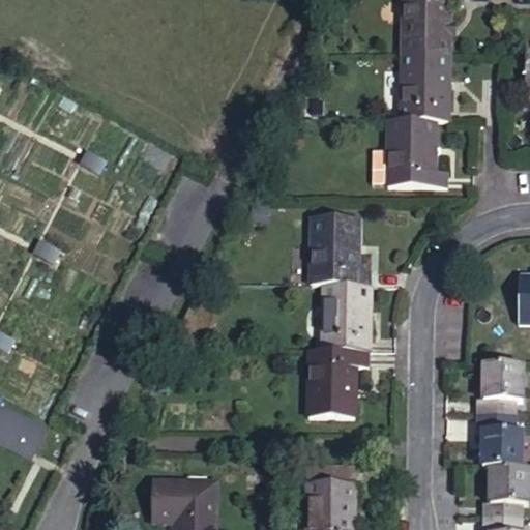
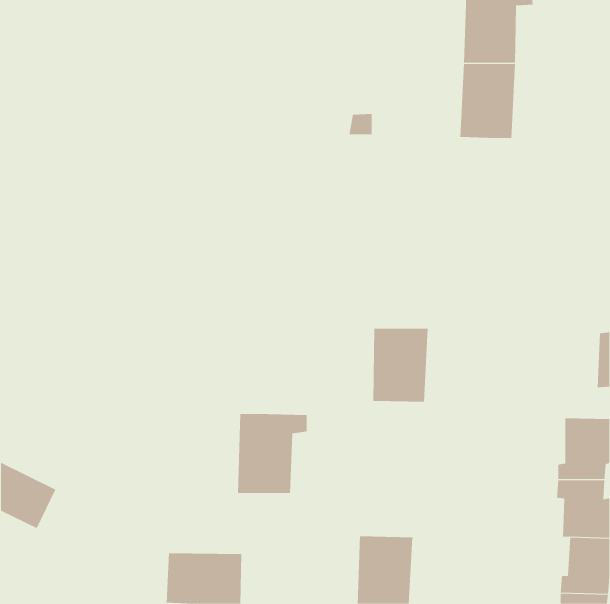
building: [370,119,444,185] -> none
building: [308,218,372,285] -> none
building: [307,348,369,417] -> [237,414,307,493]

